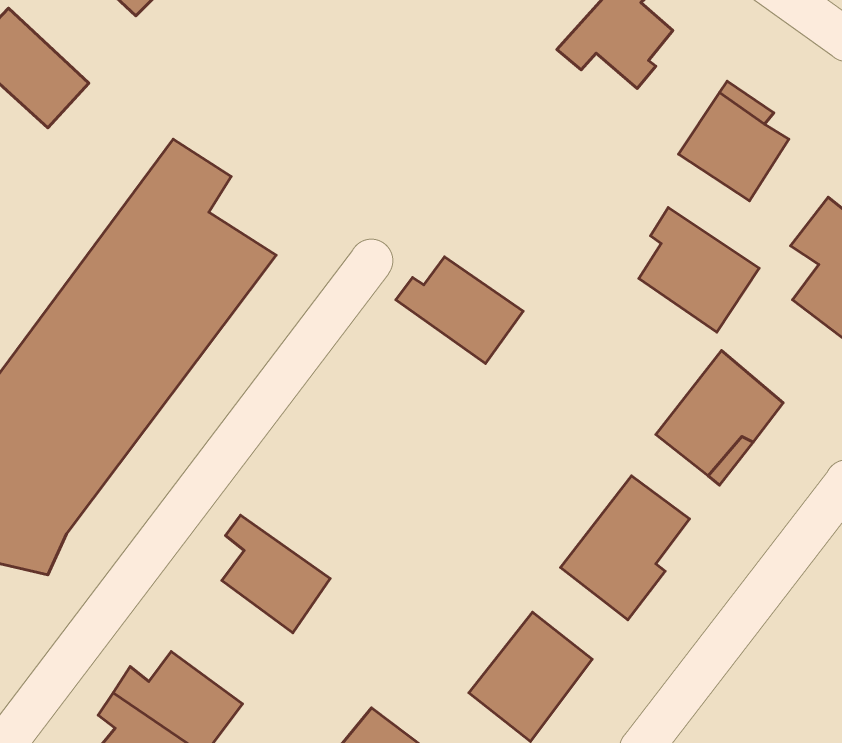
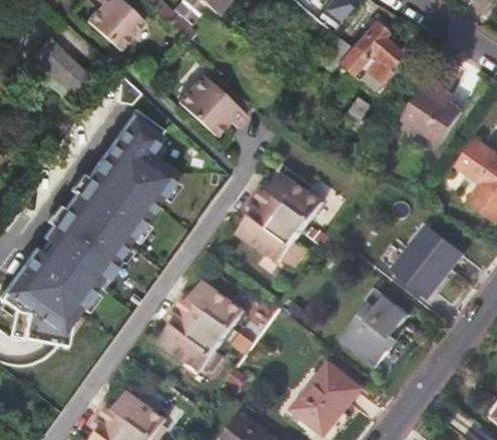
building: none -> [174,71,244,131]
building: [639,207,759,332] -> none
building: none -> [237,196,301,262]
building: none -> [169,291,237,346]

